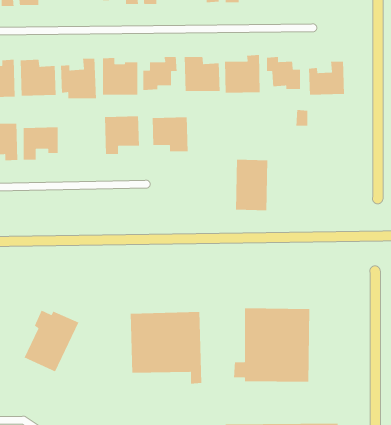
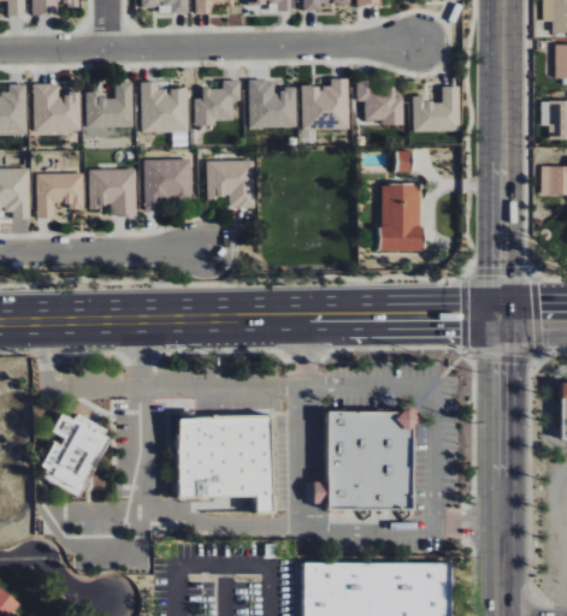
building: none -> [88,170,136,217]
building: [235,159,268,211] -> [379,184,423,253]

